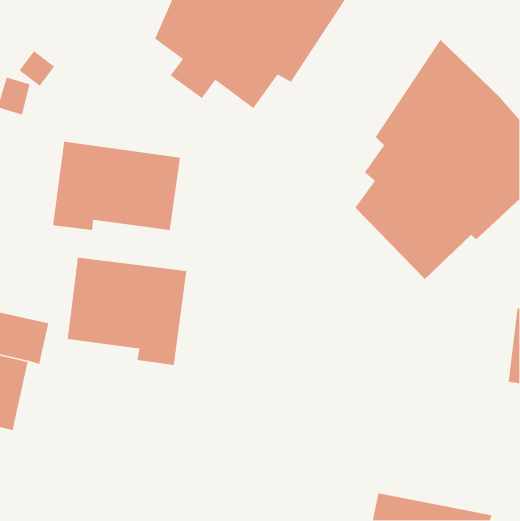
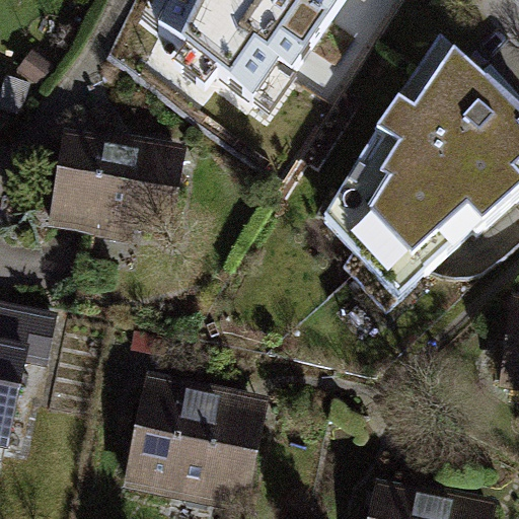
building: [67,257,187,366] -> none
building: none -> [124,387,261,495]

